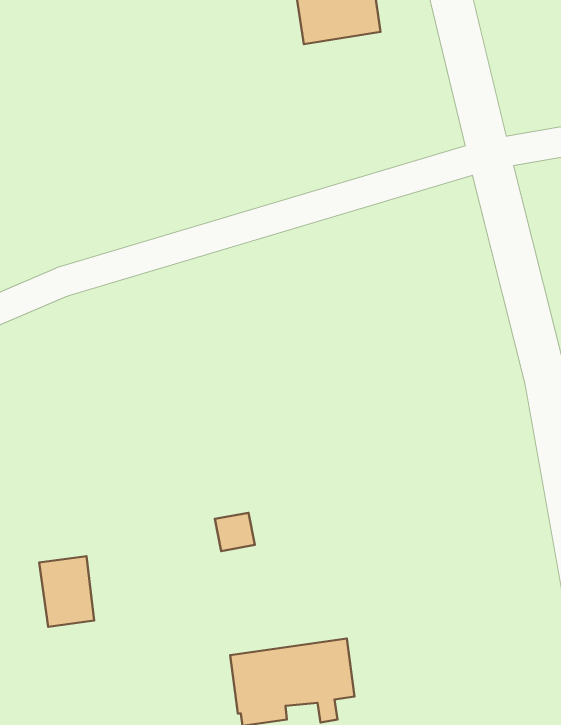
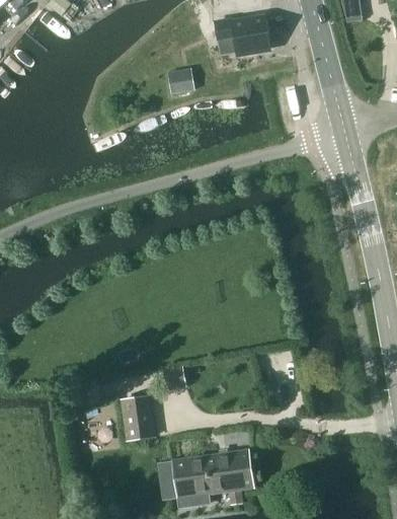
building: none -> [165,68,193,95]
building: [39,556,94,627] -> [118,395,155,442]

